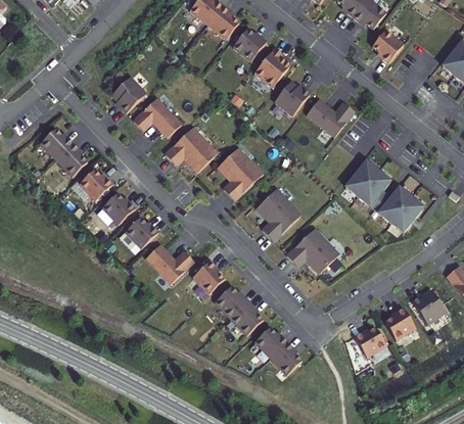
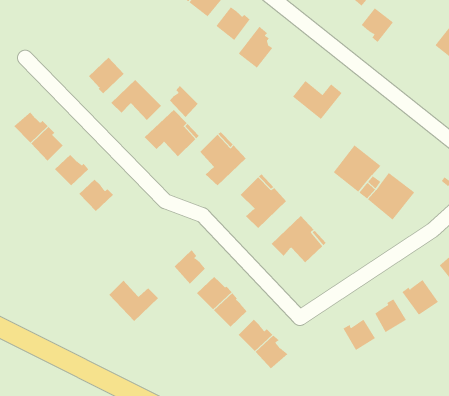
building: [274,81,310,115] -> none
building: none -> [169,85,198,118]
building: [125,218,158,248] -> none
building: [146,244,194,284] -> [109,280,159,322]

